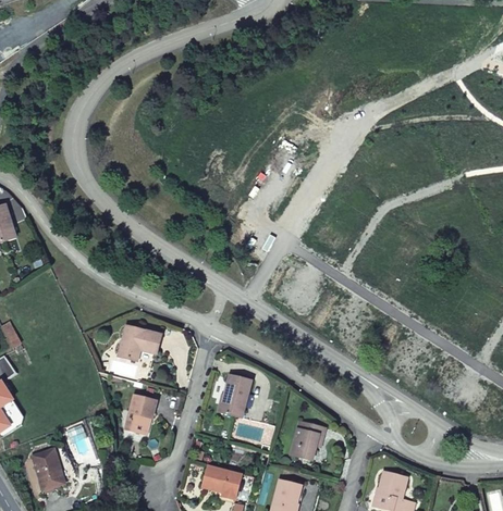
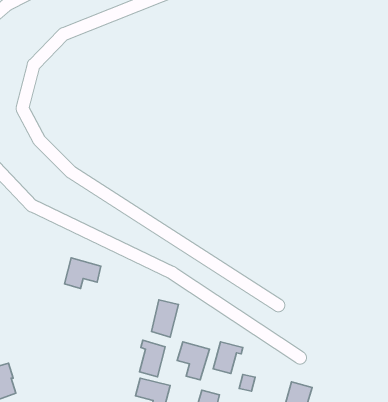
building: [125,396,157,434] -> none
building: none -> [139,340,165,377]
building: none -> [177,342,210,380]

